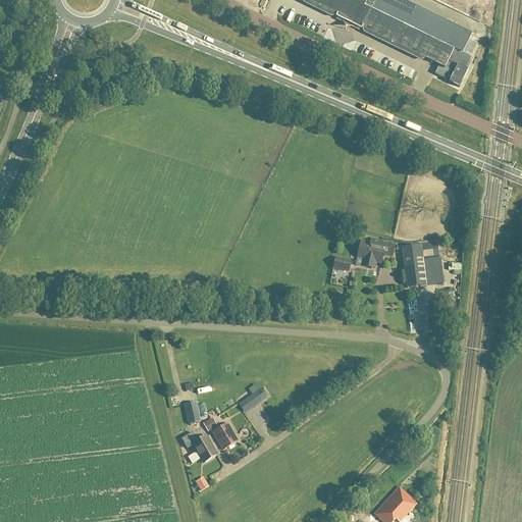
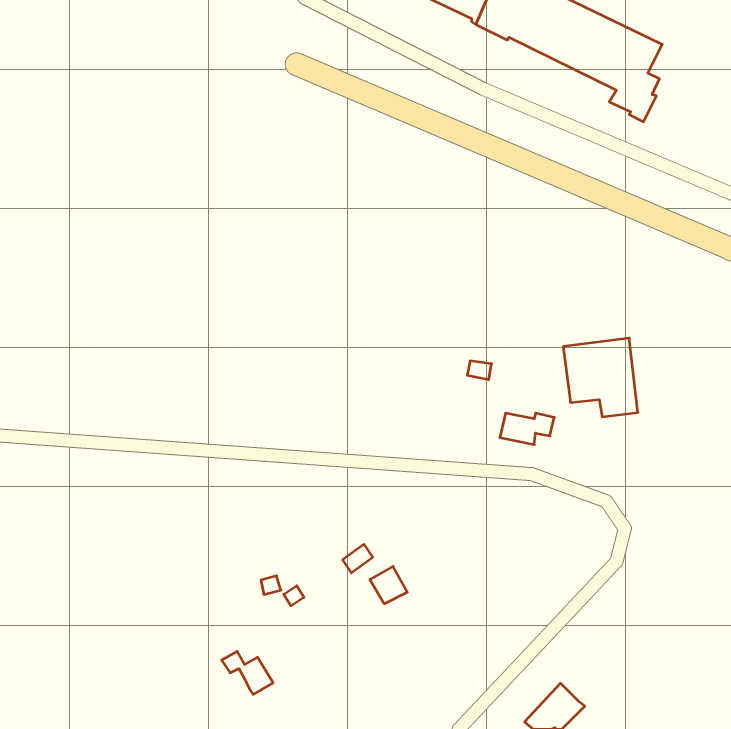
building: [356,240,395,262] -> [500,413,554,445]
building: [211,422,238,449] -> [370,566,407,604]
building: [179,431,216,462] -> [222,651,273,694]

